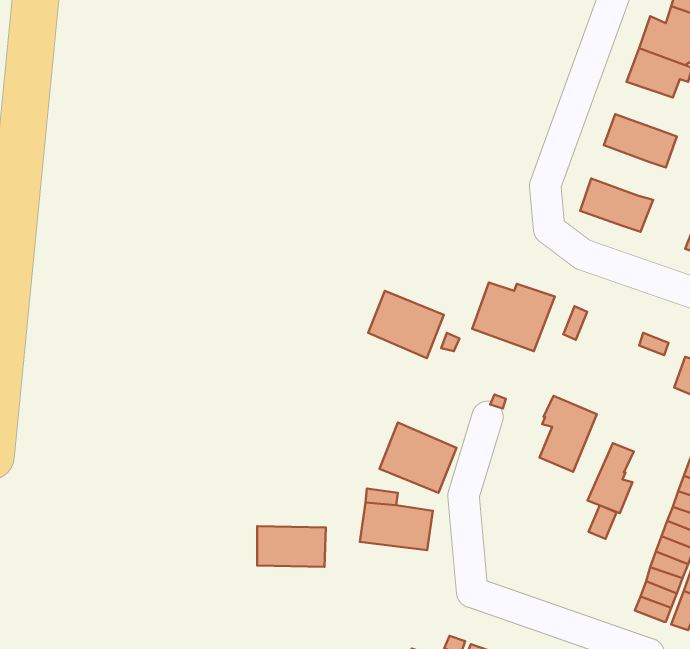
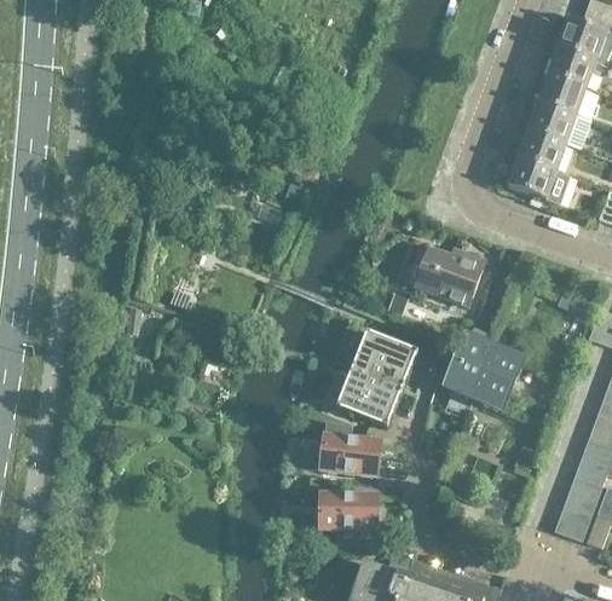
building: none -> [538,73,594,116]
building: none -> [518,127,567,171]
building: [368,291,444,358] -> [351,330,416,388]
building: [588,443,634,513] -> [445,336,485,397]
building: [257,526,326,567] -> [318,495,377,530]

